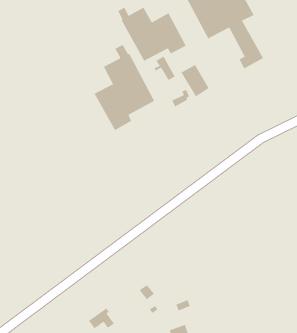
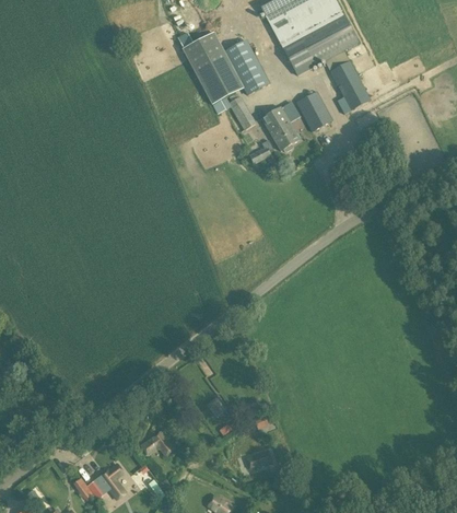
building: [94,44,155,131] -> none
building: none -> [296,91,332,135]

